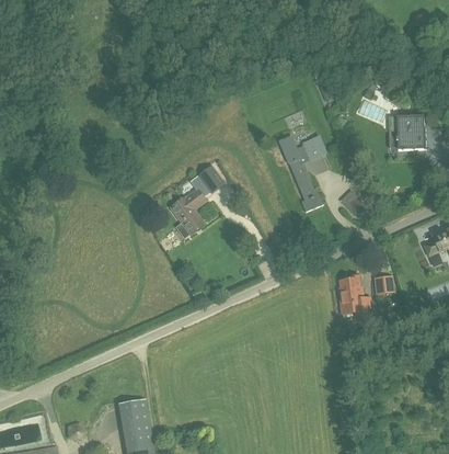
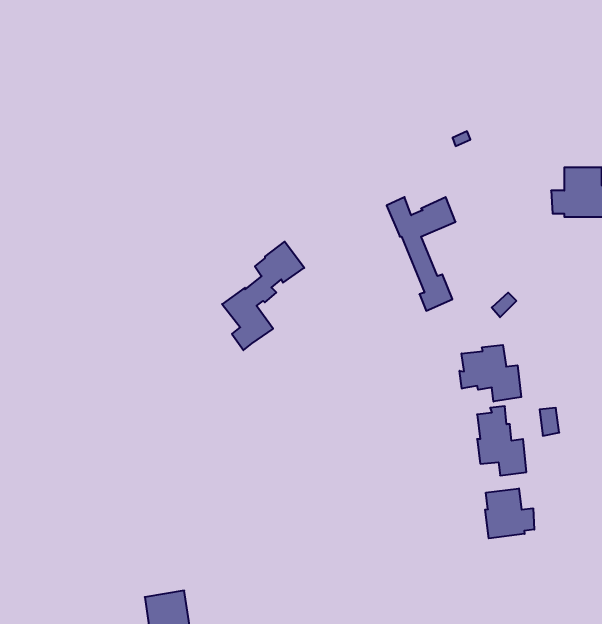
building: none -> [460,345,521,402]
building: none -> [485,488,534,538]

